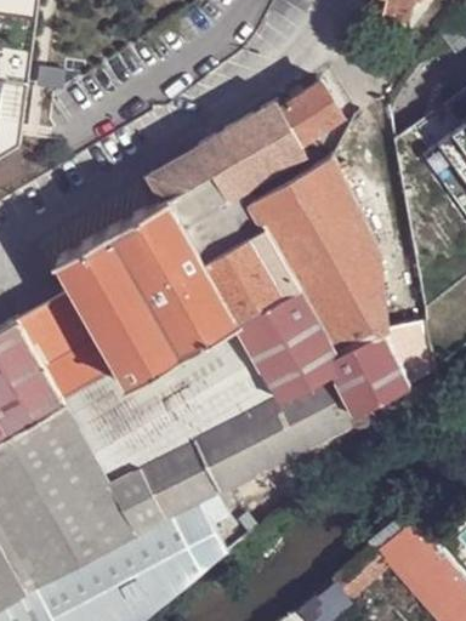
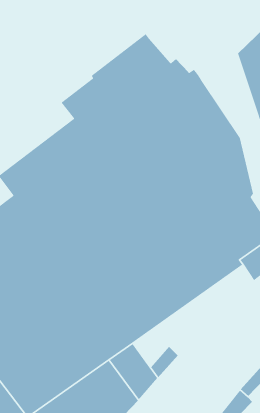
building: [278,85,340,144] -> none

